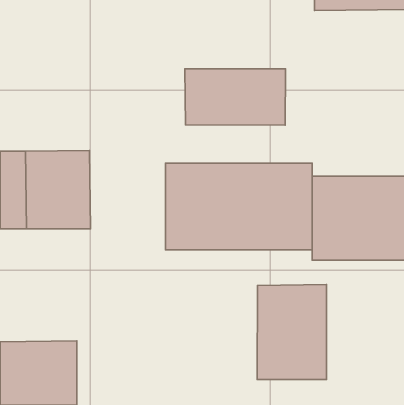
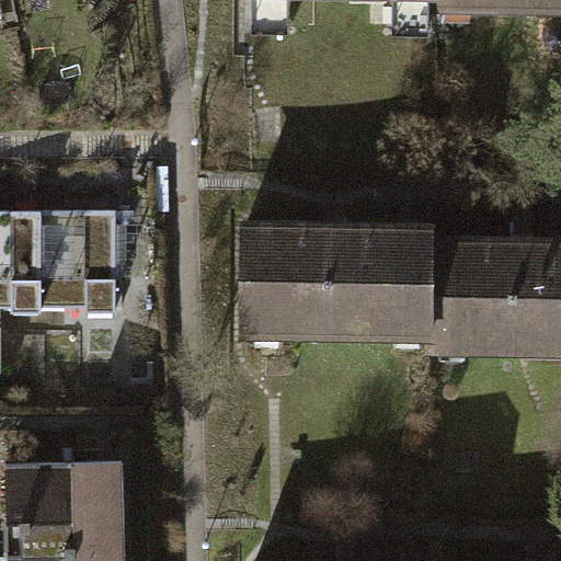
building: [185,69,285,125] -> none
building: [257,285,326,380] -> none

